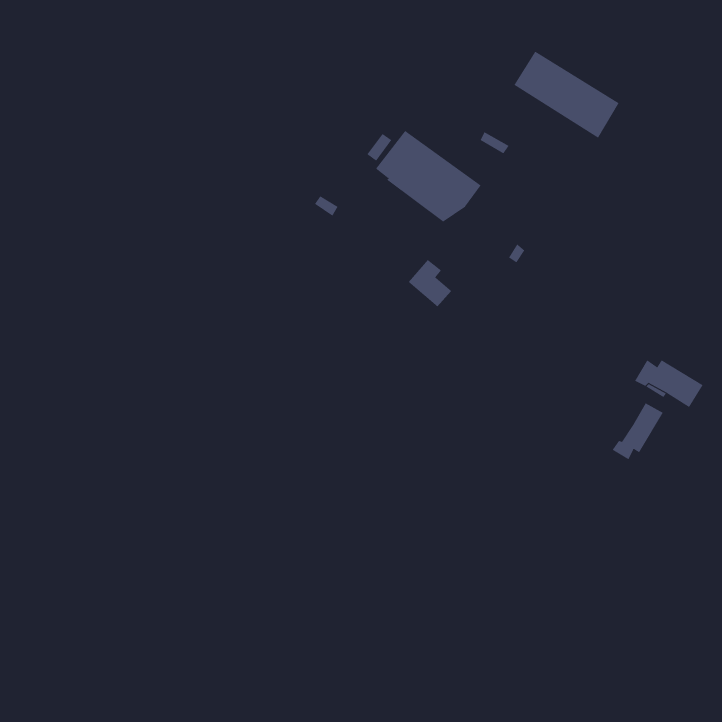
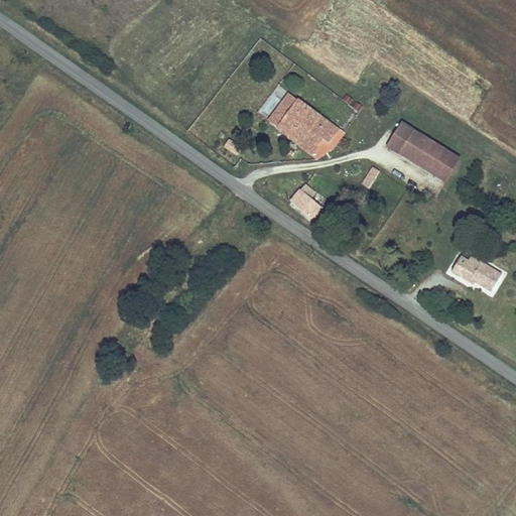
building: [513,51,620,138] -> [386,120,462,182]
building: [612,402,663,460] -> none

